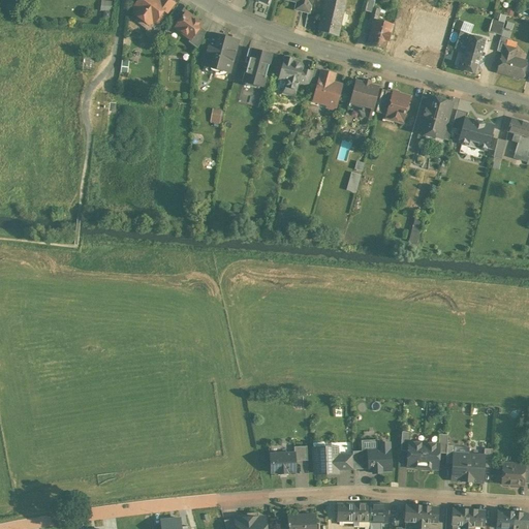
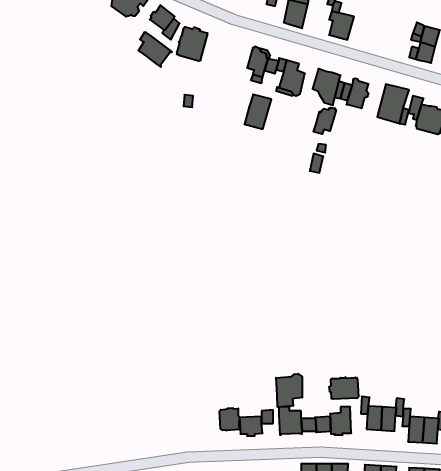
building: none -> [138,32,172,67]
building: [243,49,272,86] -> [244,94,271,129]
building: none -> [314,108,336,134]
building: none -> [276,374,302,407]
building: none -> [329,377,358,399]
building: none -> [220,408,239,431]

